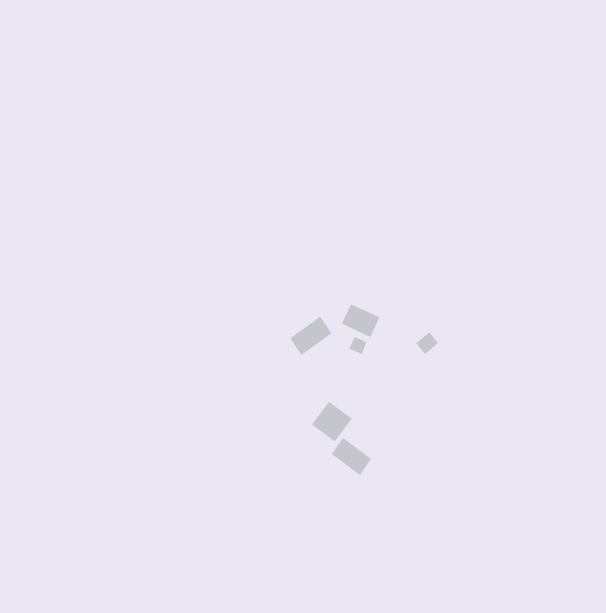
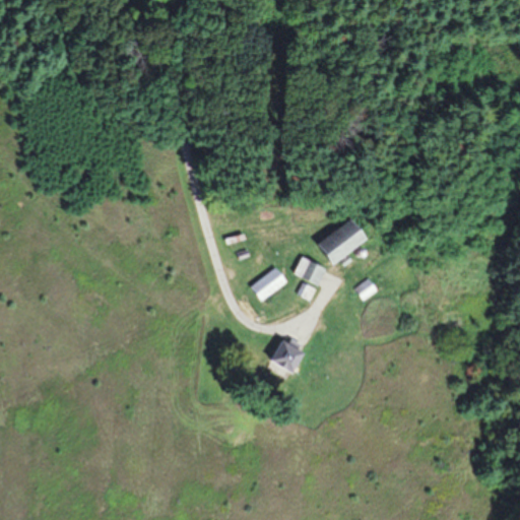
building: none -> [315,218,365,264]
building: [331,437,372,476] -> none

